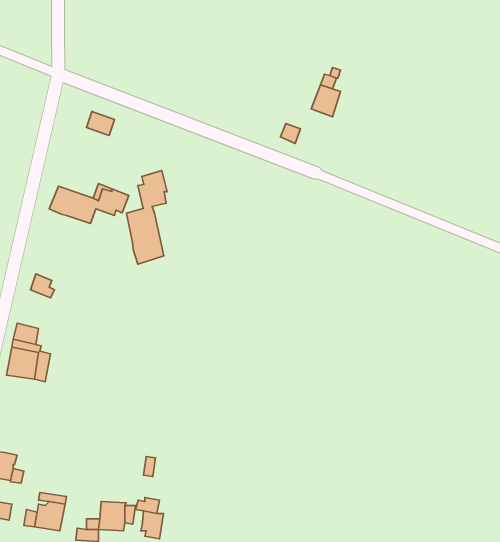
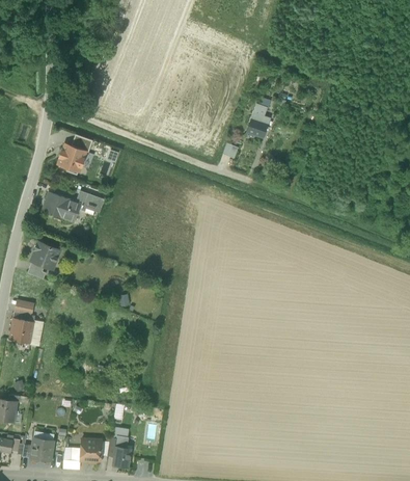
building: none -> [58,144,85,175]
building: [126,170,167,264] -> none
building: none -> [31,241,60,267]

